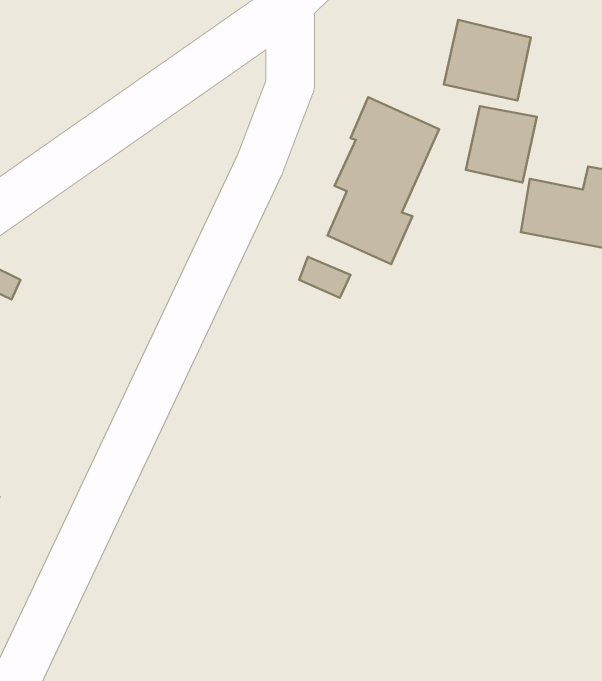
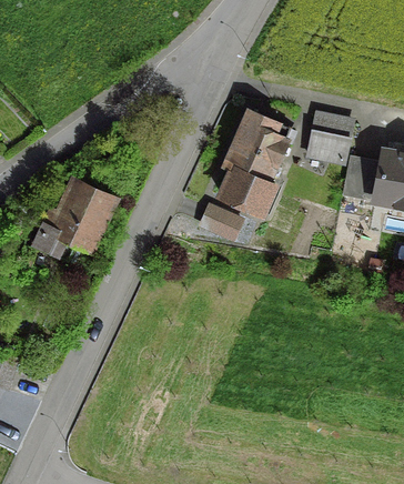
building: [444,20,531,100] -> none
building: none -> [37,181,114,258]

